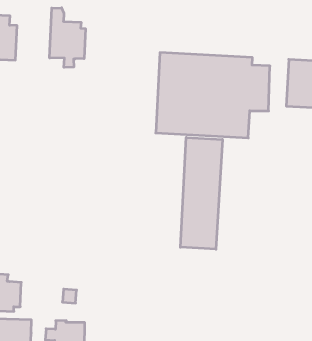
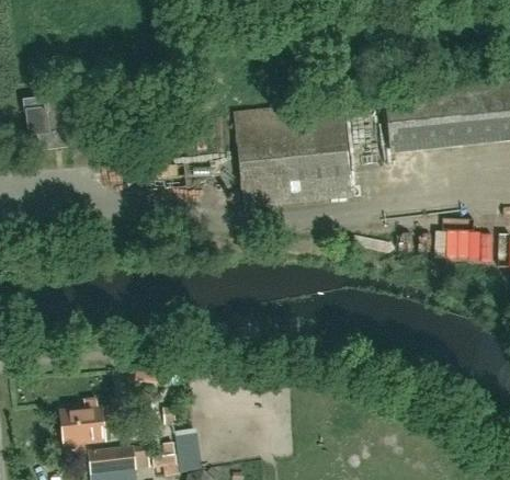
building: [50,8,85,67] -> none
building: [180,137,222,249] -> none

